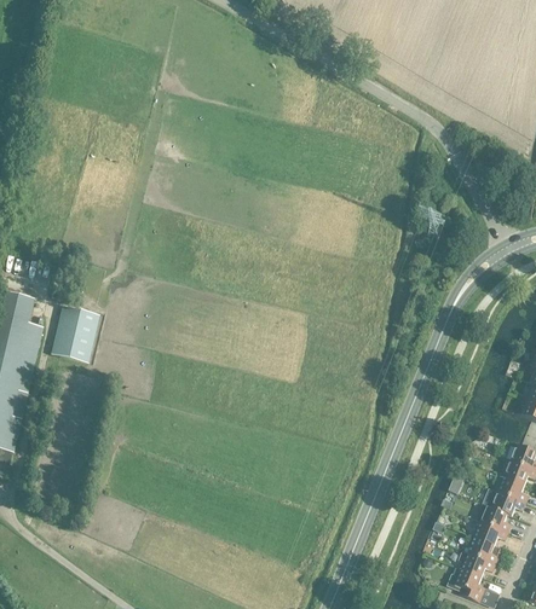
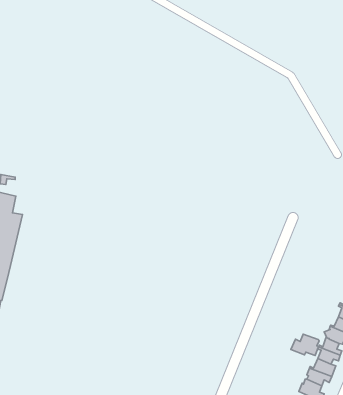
building: [58,307,99,362] -> none
building: none -> [291,334,319,355]

